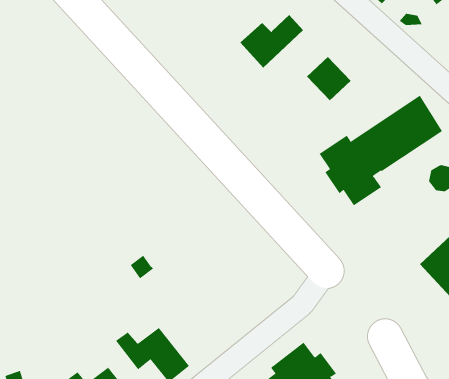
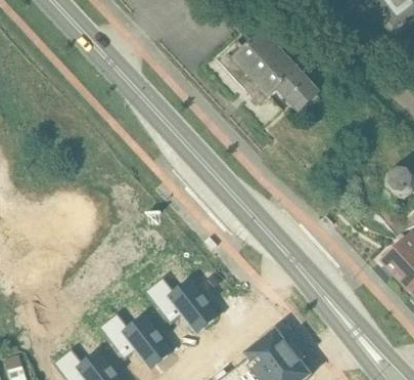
building: none -> [239,46,297,103]
building: [319,95,443,206] -> none
building: none -> [151,280,219,330]

